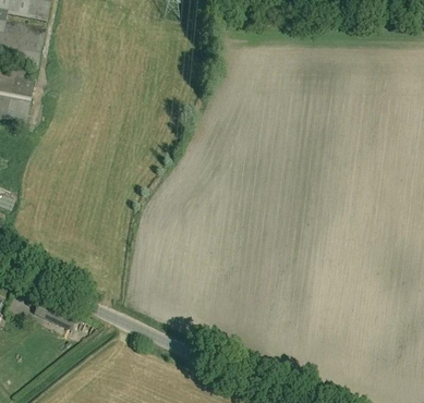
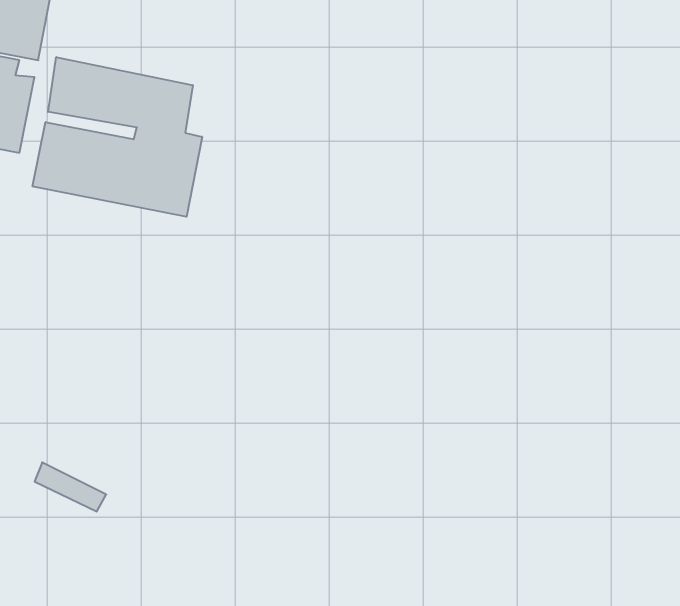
building: none -> [33,57,202,217]

